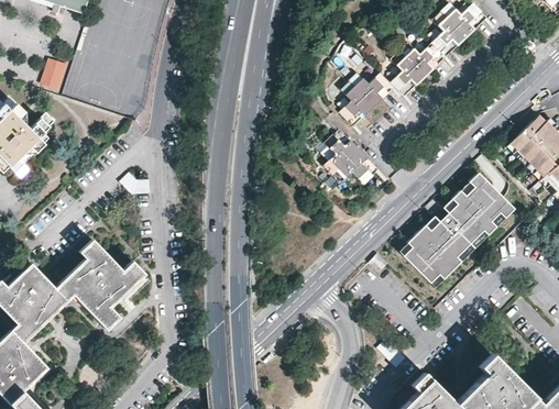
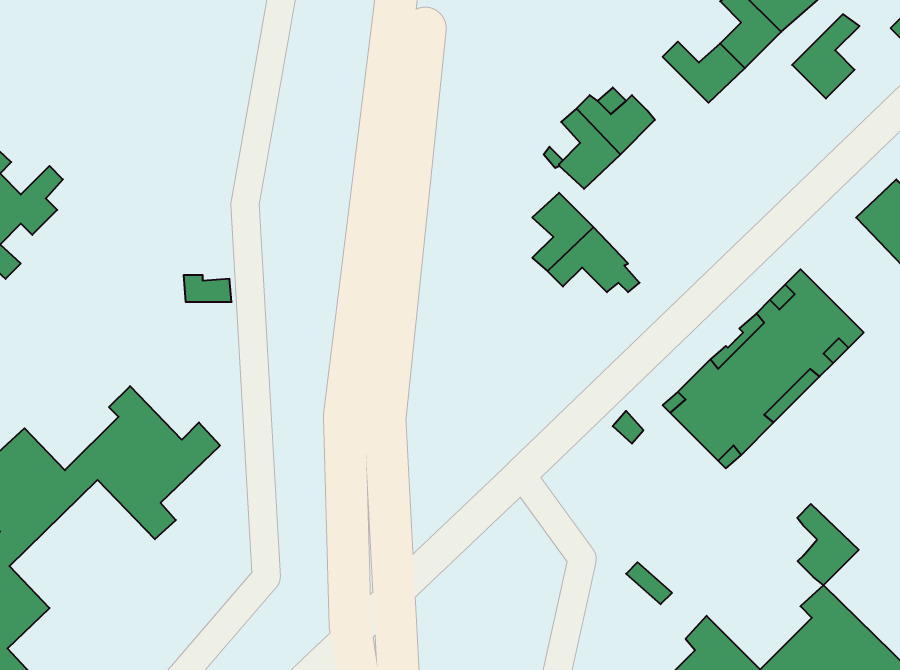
building: none -> [792,14,859,99]
building: [391,51,426,96] -> none
building: [41,57,69,90] -> none
building: none -> [797,504,859,585]

